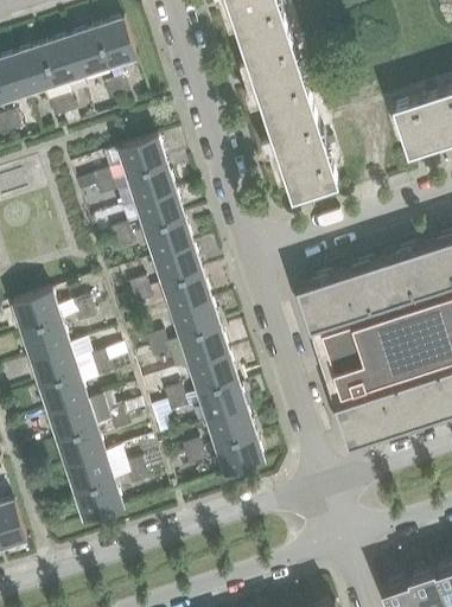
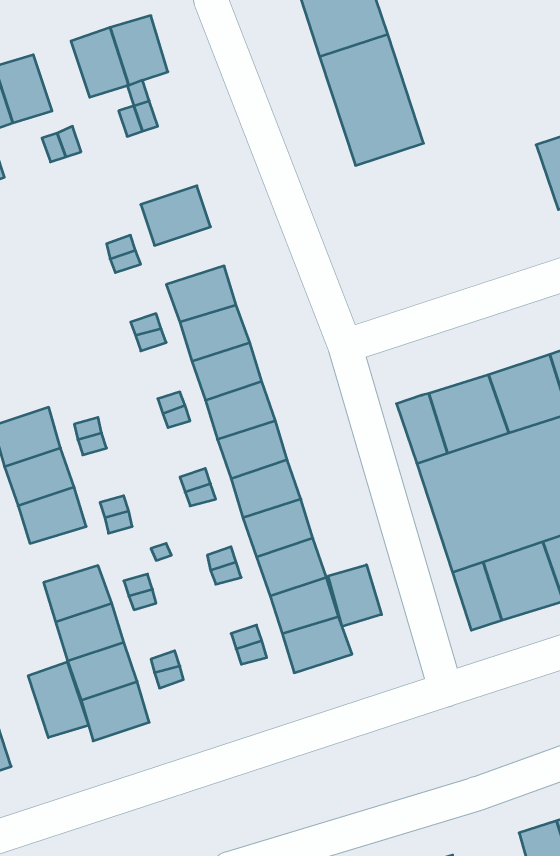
building: [42,37,81,85] -> none
building: [266,108,338,200] -> none
building: [126,166,174,206] -> none
building: [39,375,87,414] -> none
building: none -> [328,565,382,627]
building: none -> [28,662,88,738]

